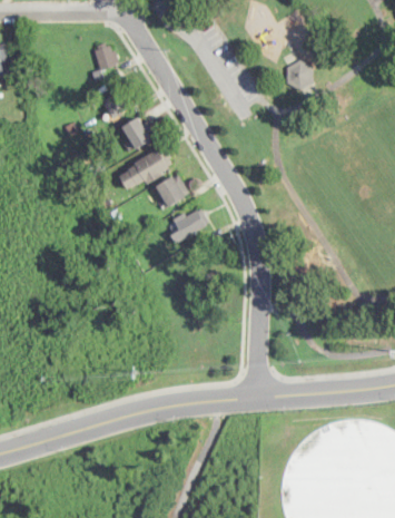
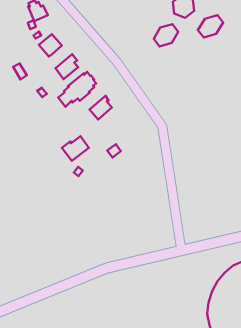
building: none -> [198,15,223,38]
building: none -> [154,24,178,46]
building: [172,208,208,240] -> [62,136,89,161]

